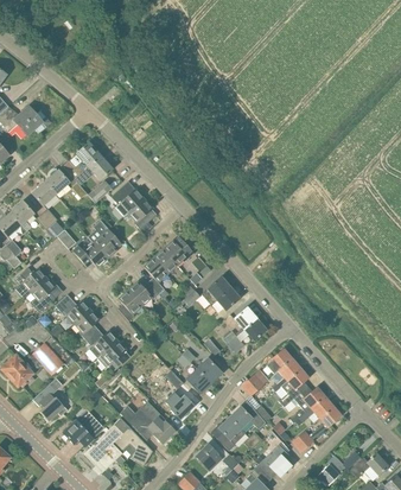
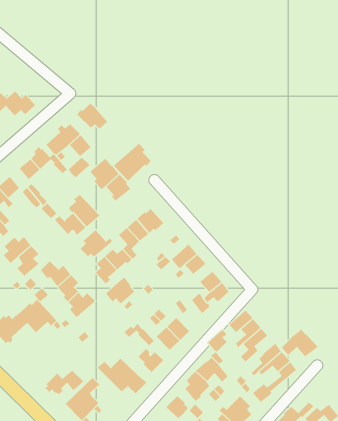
building: none -> [76,103,108,130]
building: none -> [113,143,152,181]
building: none -> [80,229,113,257]
building: [96,339,129,370] -> [105,277,135,304]
building: none -> [281,329,319,357]
building: [32,382,64,420] -> none
building: [112,418,152,466] -> none

